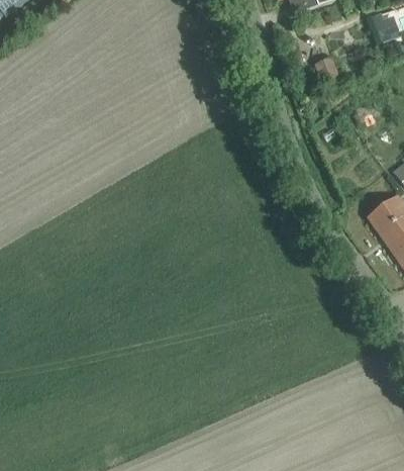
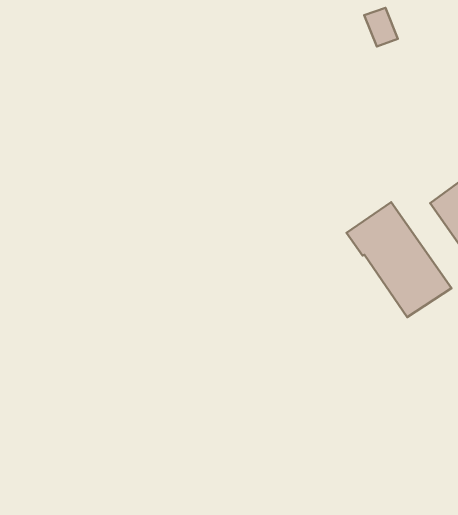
building: none -> [346,202,451,317]

